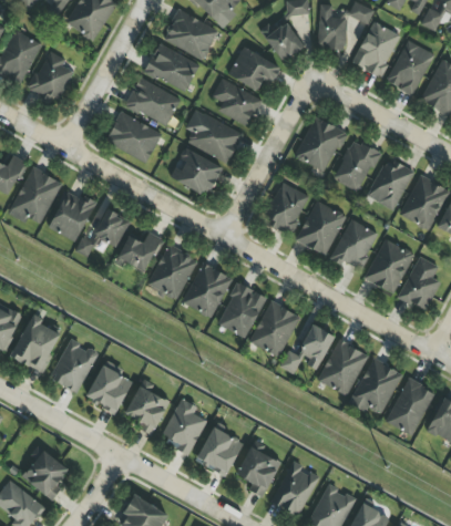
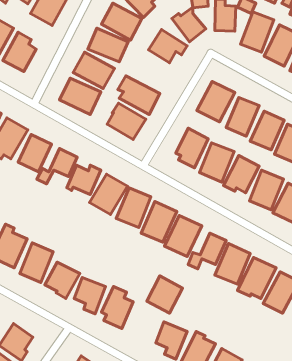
building: [213,80,260,126] -> none
building: [195,426,244,477] -> [147,276,182,313]

